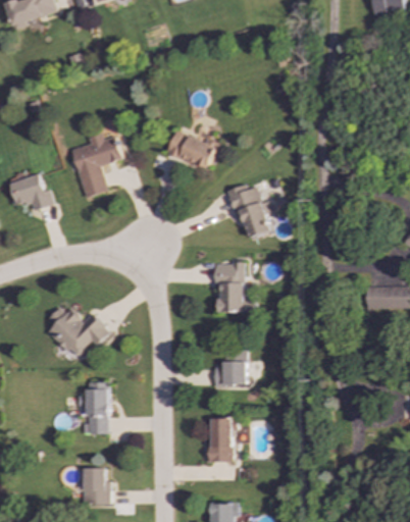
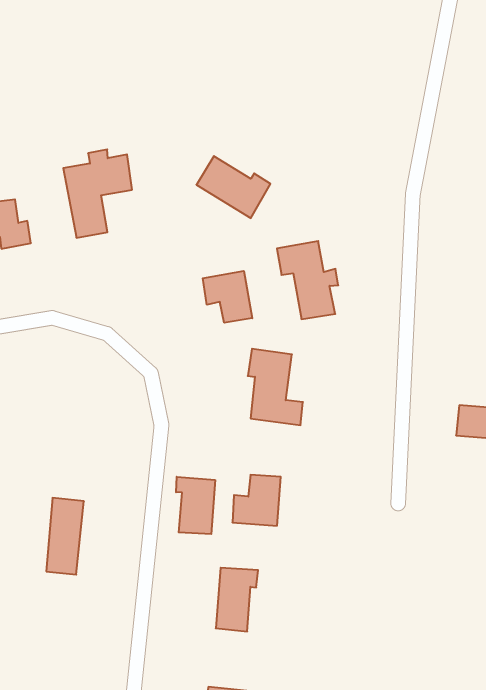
building: none -> [203,271,252,323]
building: [47,307,109,358] -> none
building: none -> [176,477,215,534]
building: [83,468,110,504] -> none

